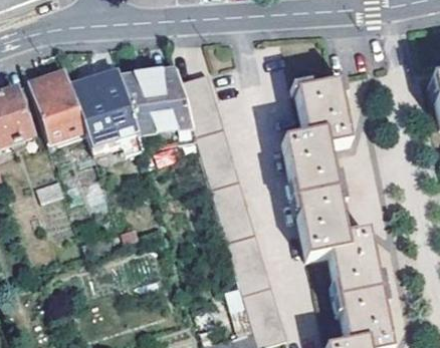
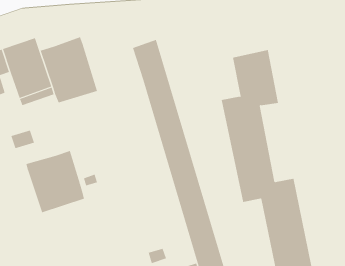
building: [121,67,190,134] -> none
building: none -> [26,150,84,213]

